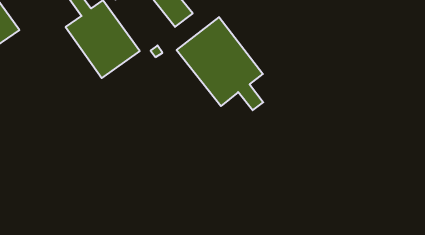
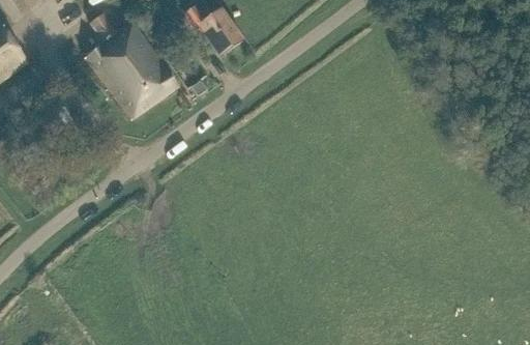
building: [177,17,263,110] -> none

